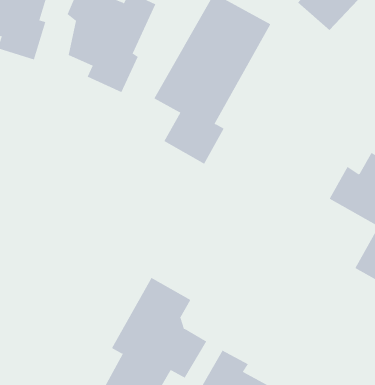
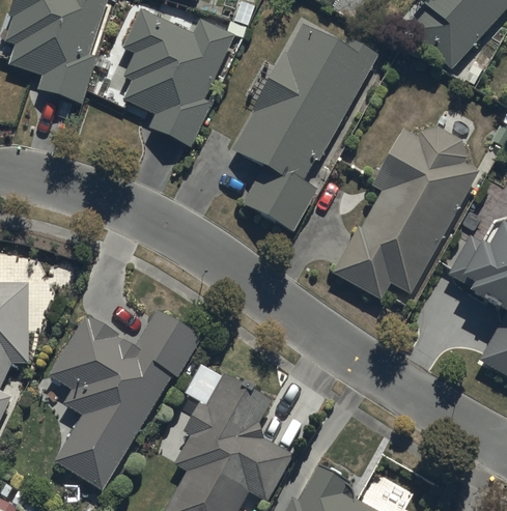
building: none -> [334,124,477,299]
building: none -> [49,307,202,489]

